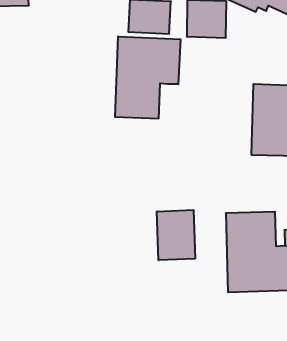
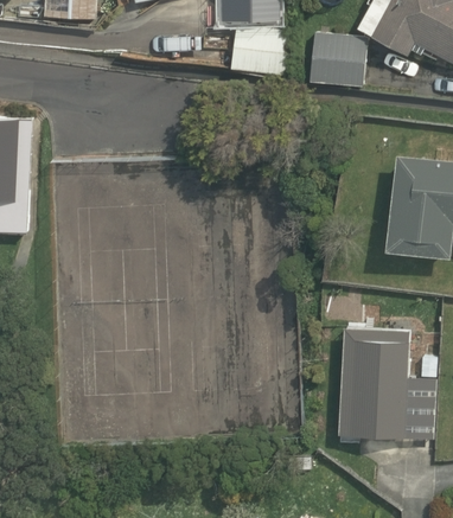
building: [115,36,181,119] -> none
building: [157,210,195,260] -> none

